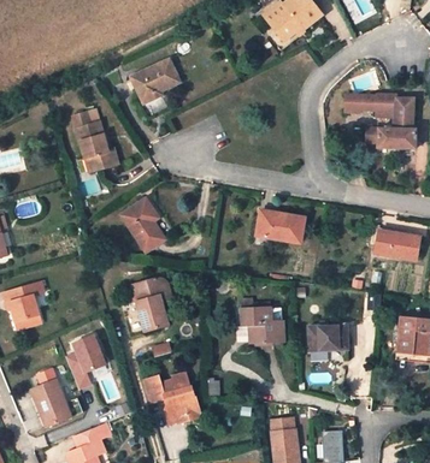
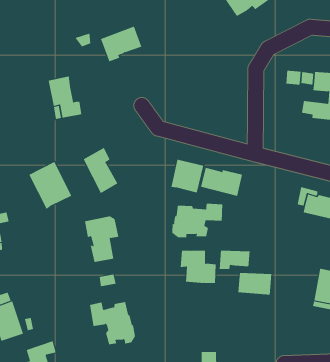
building: none -> [171,159,204,193]
building: none -> [28,161,72,210]
building: none -> [172,203,223,238]
building: none -> [219,250,250,270]
building: [65,330,108,388] -> none

